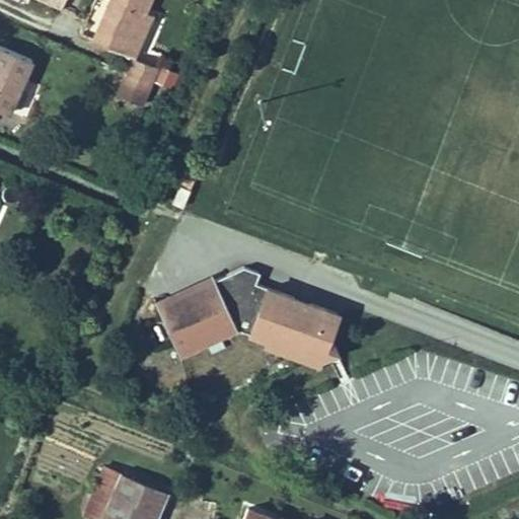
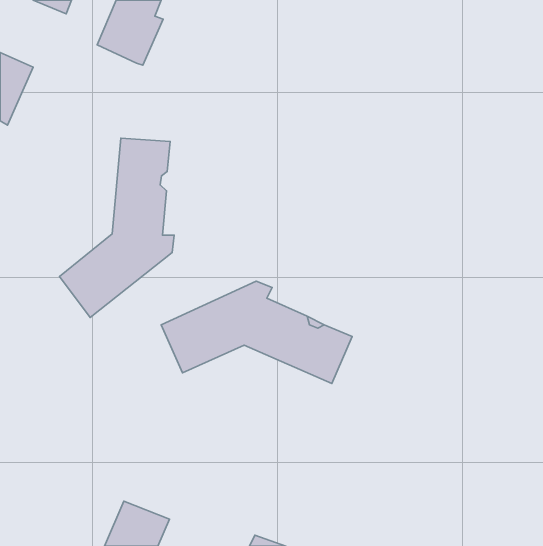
building: [116,60,159,108] -> none
building: none -> [60,138,174,317]

